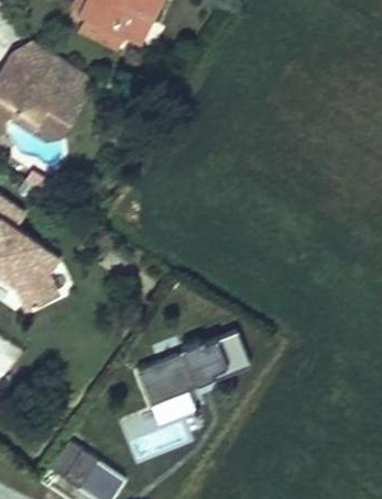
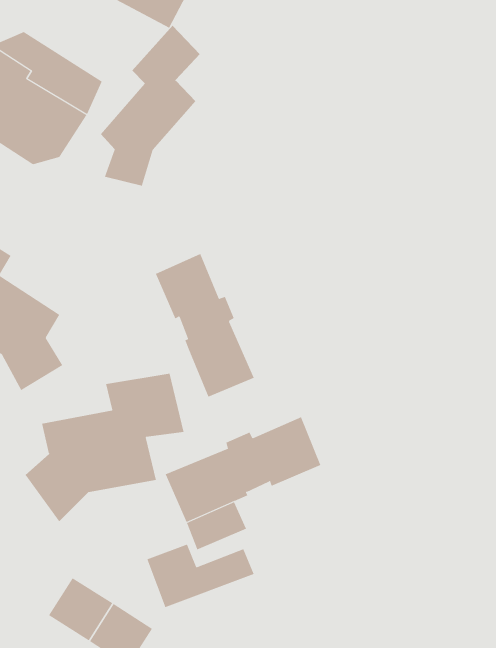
building: none -> [100,25,200,187]
building: none -> [155,253,255,398]
building: none -> [25,373,184,522]

